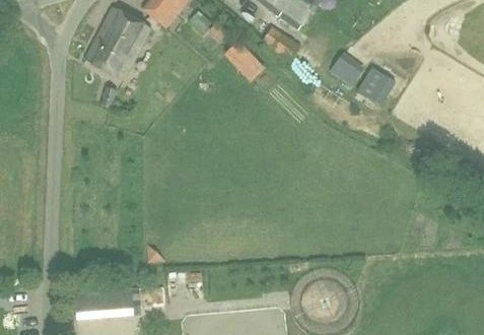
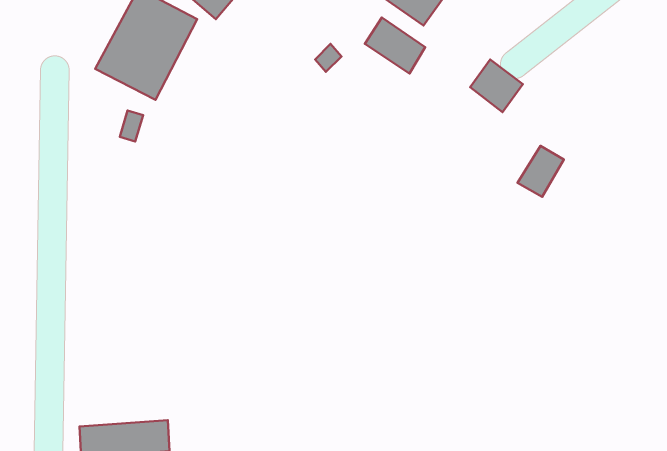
building: [357,68,388,102] -> [517,146,564,197]

